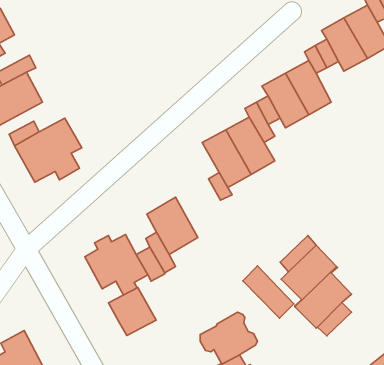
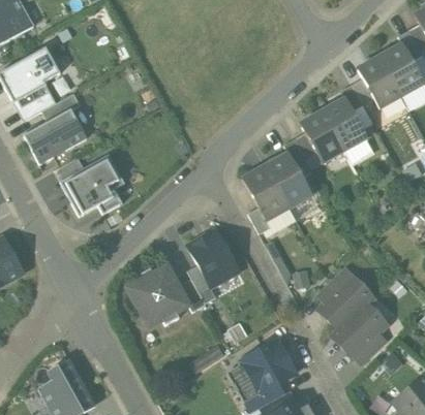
building: [243,266,294,318] -> none
building: [109,288,156,335] -> none

